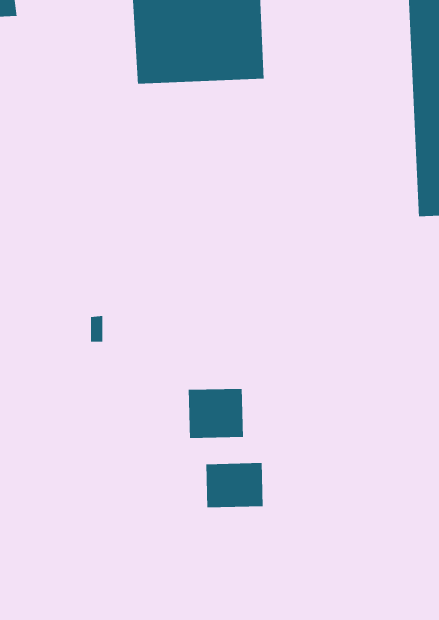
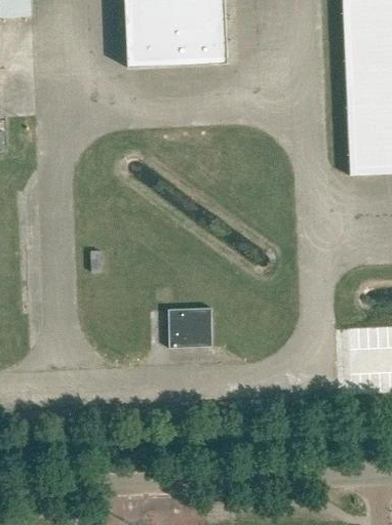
building: [205,462,263,508] -> none

